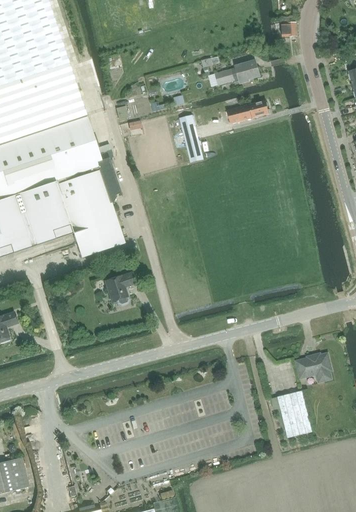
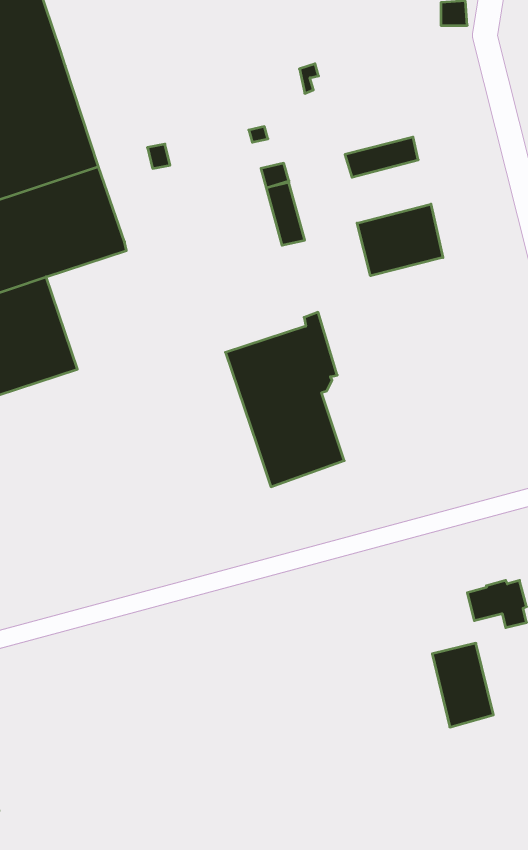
building: [215,61,258,84] -> none
building: none -> [357,204,443,276]
building: [56,156,124,256] -> [225,312,344,487]
building: [105,271,136,300] -> none

